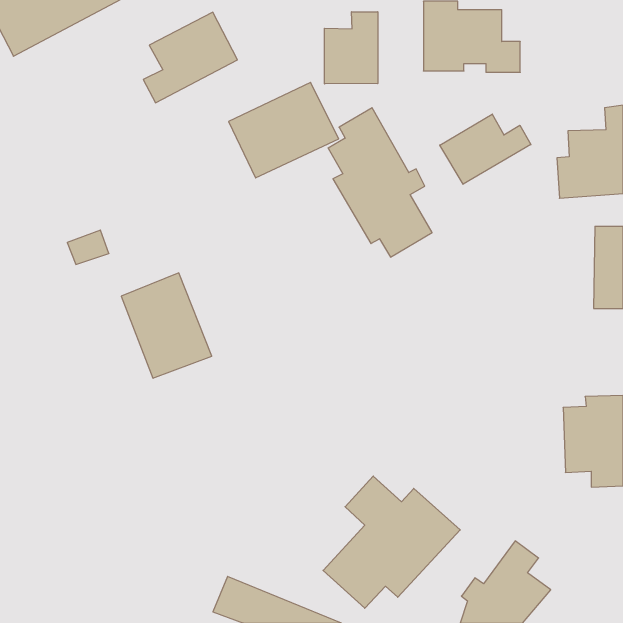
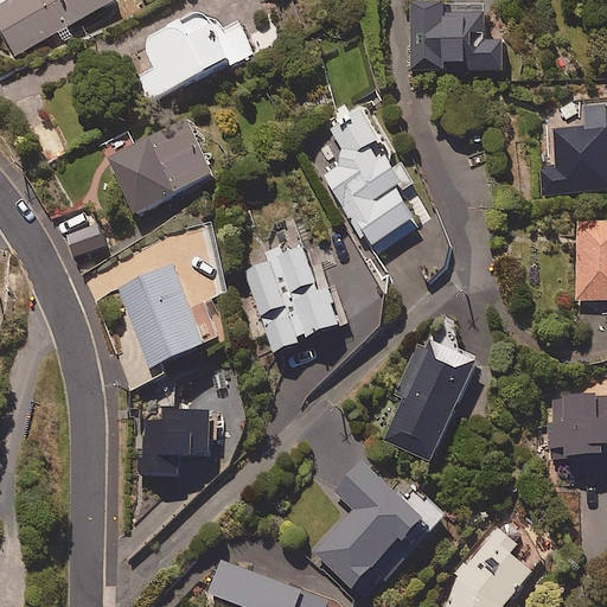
building: [324,12,378,84] -> none
building: [229,82,339,178] -> [109,120,216,212]
building: [440,114,531,184] -> none
building: none -> [237,243,347,347]
building: none -> [382,336,477,461]
building: none -> [142,410,212,474]

